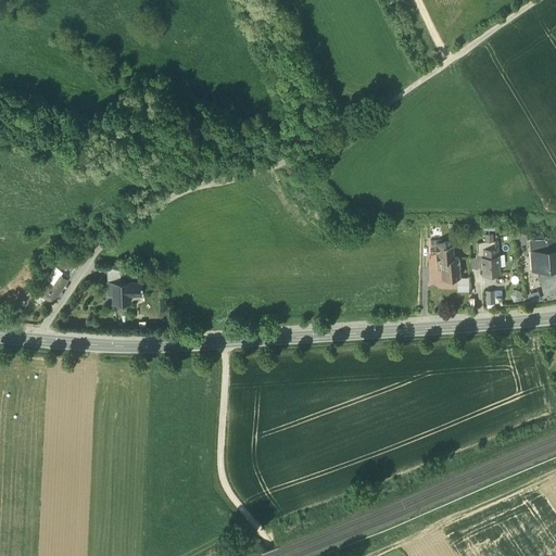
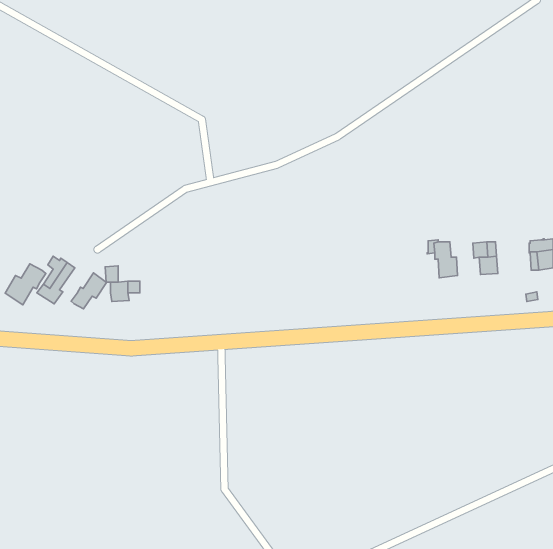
building: none -> [5,264,46,305]
building: none -> [71,273,107,309]

